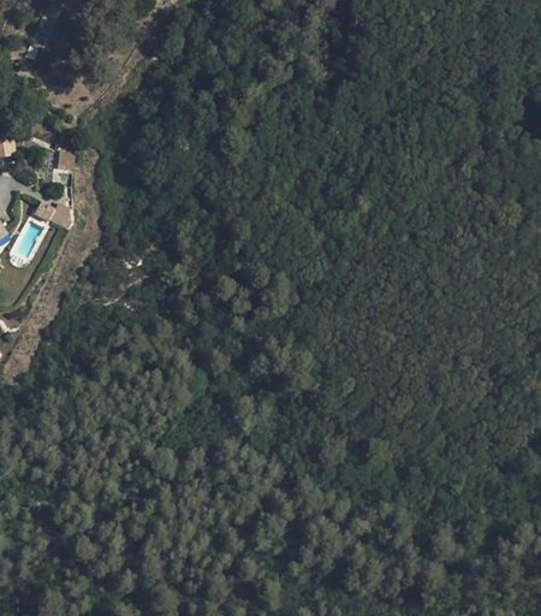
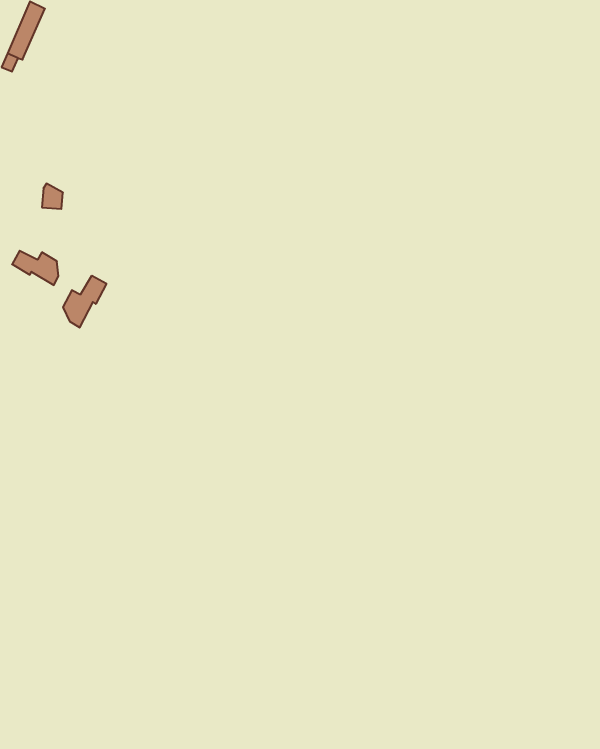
building: none -> [63,276,106,328]

